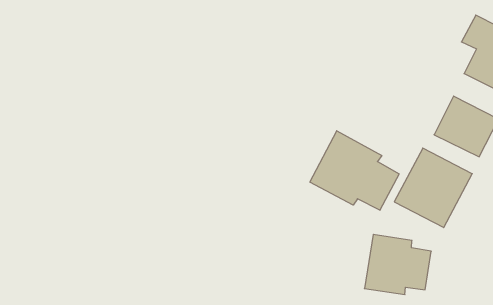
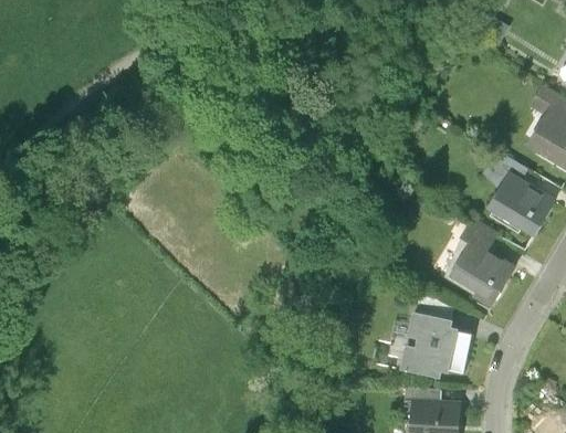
building: [310,131,399,210] -> none

